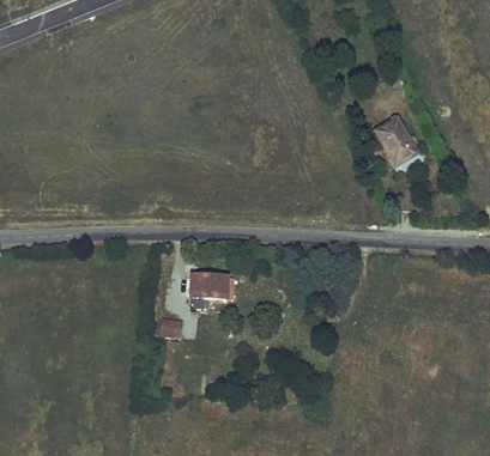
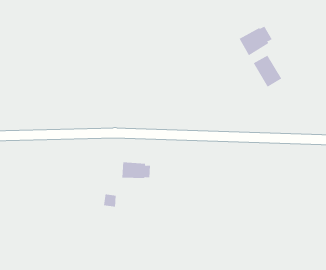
building: none -> [239,26,273,56]

